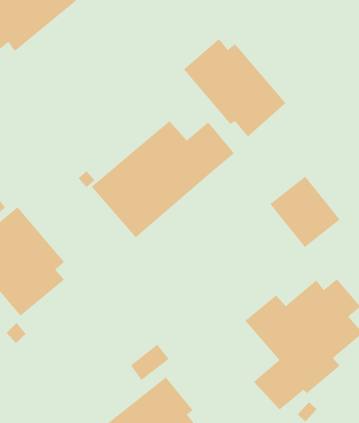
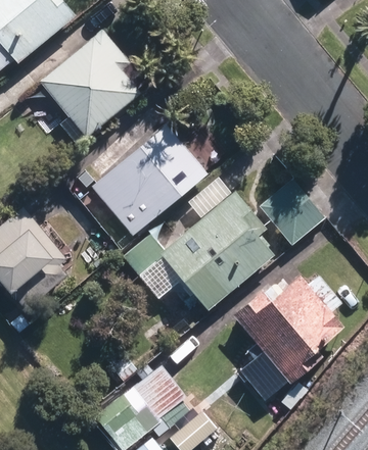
building: none -> [38,28,141,137]
building: [183,38,286,137] -> none
building: none -> [121,191,271,311]

